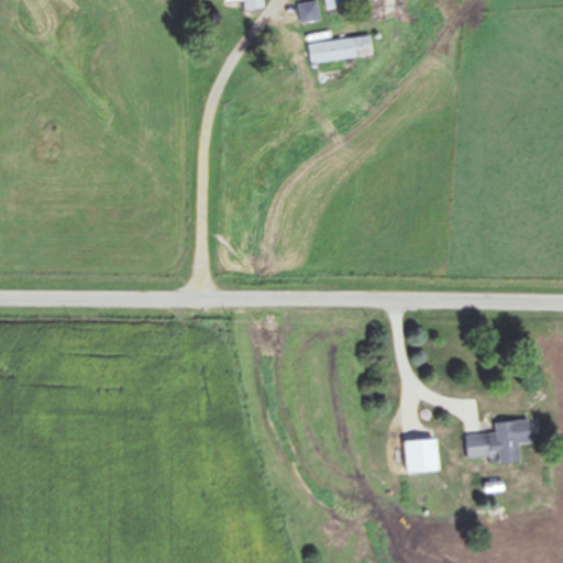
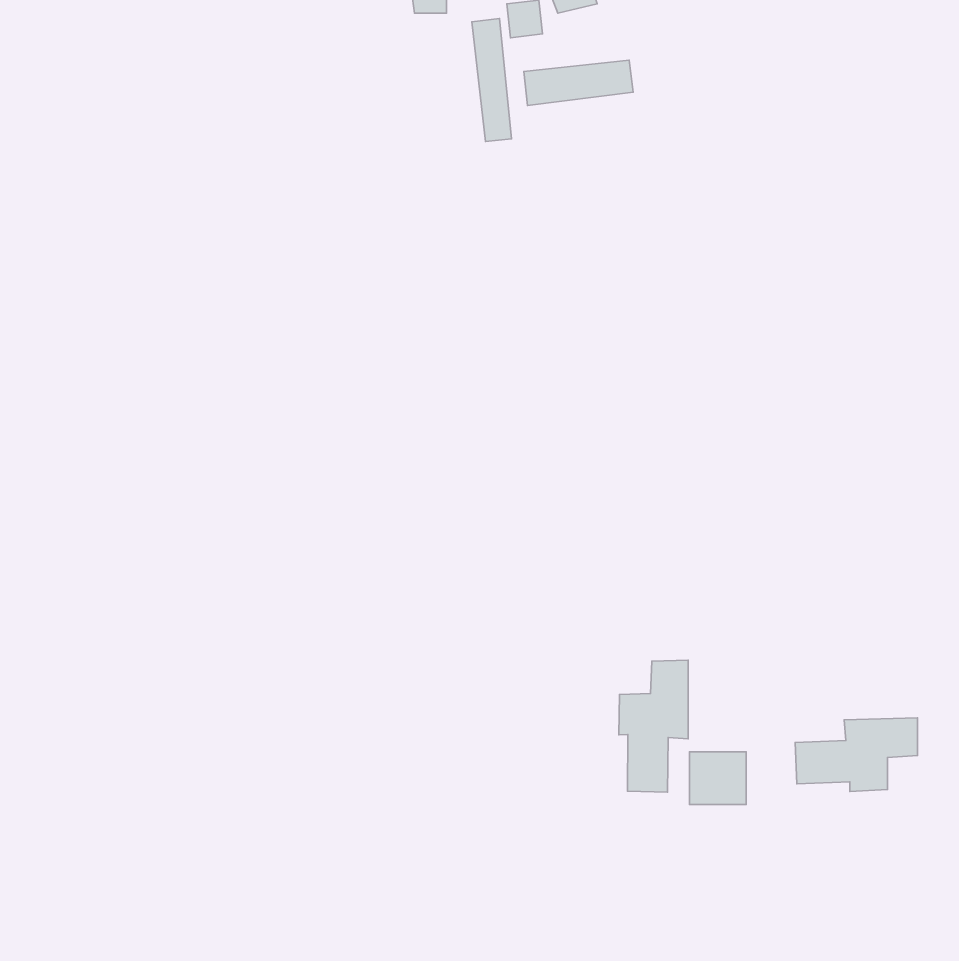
building: none -> [472,19,512,142]
building: none -> [619,660,688,792]

